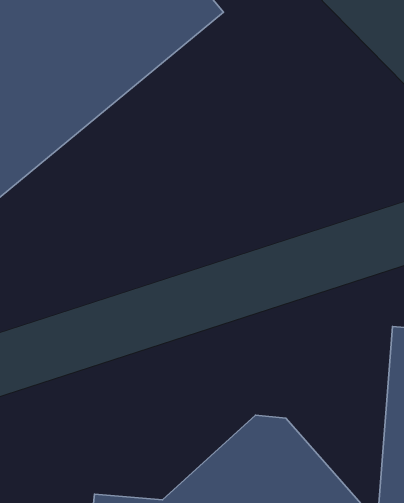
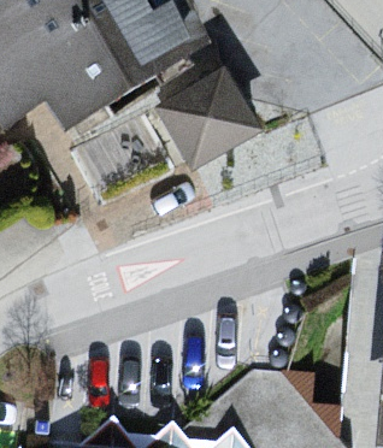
building: none -> [154,72,259,175]

